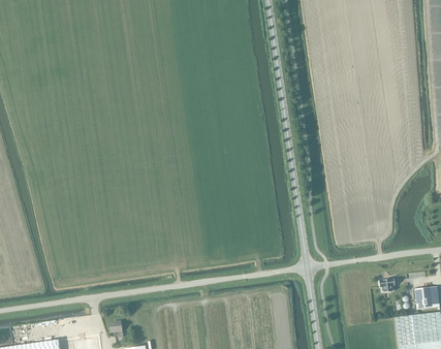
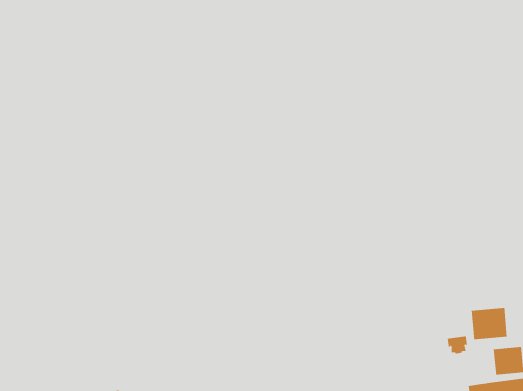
building: none -> [471,307,507,340]

